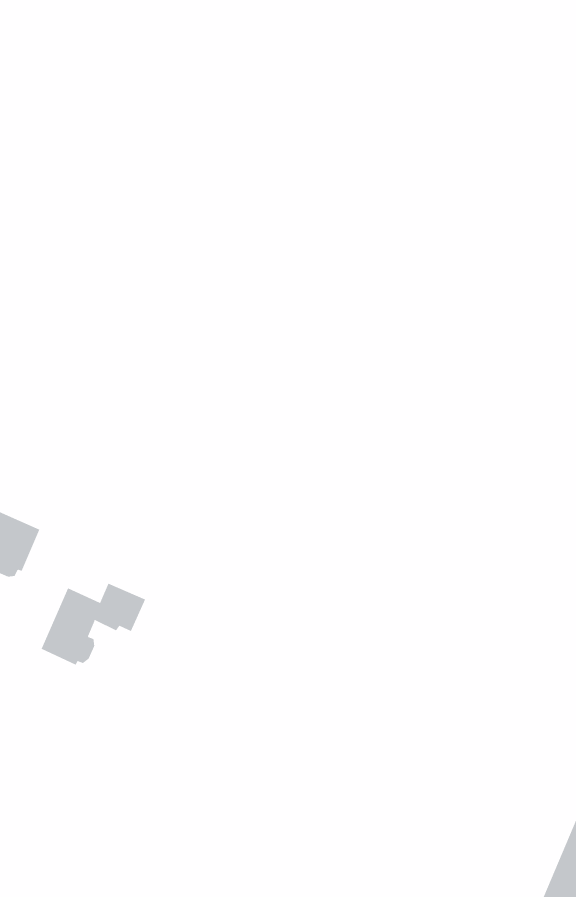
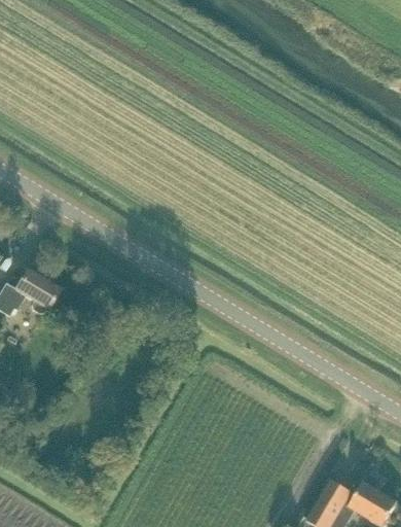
building: [41,583,146,665] -> none

